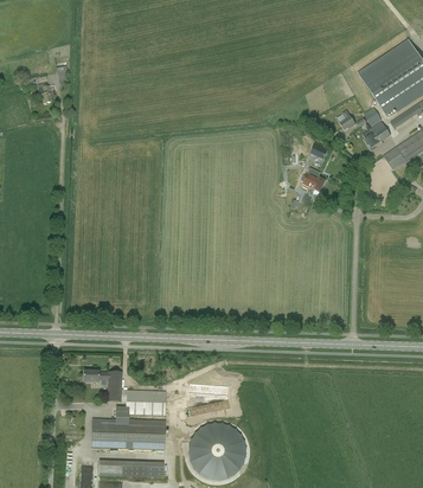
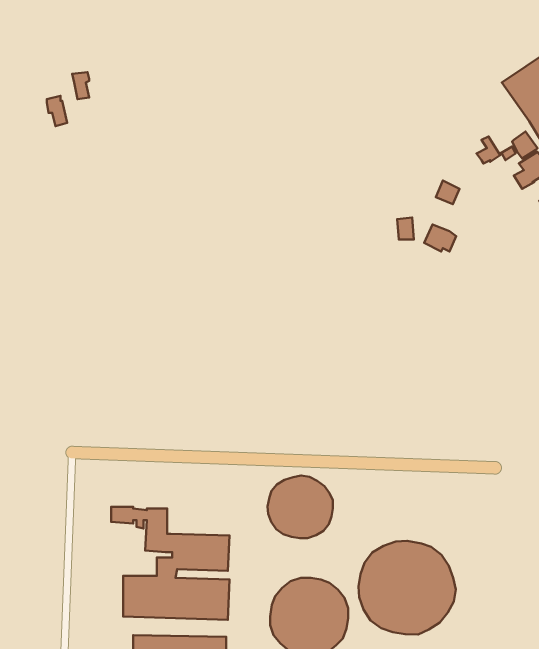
building: none -> [268,476,333,538]
building: none -> [358,541,456,634]

